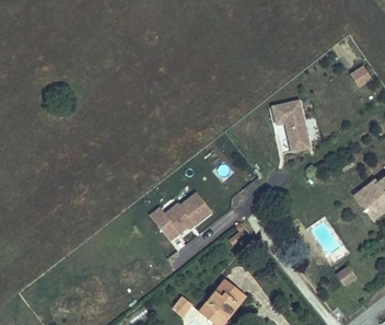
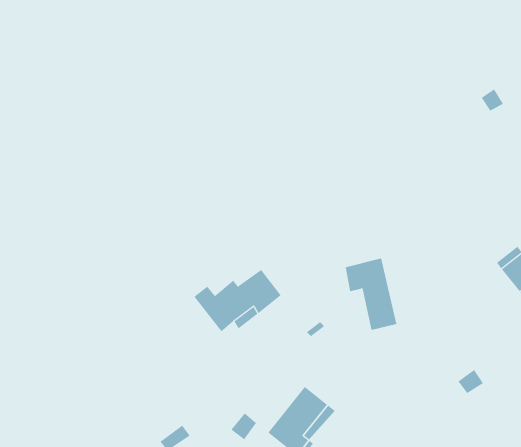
building: [271,100,308,151] -> [345,258,397,330]

